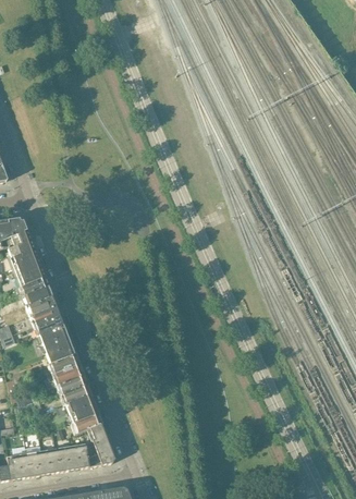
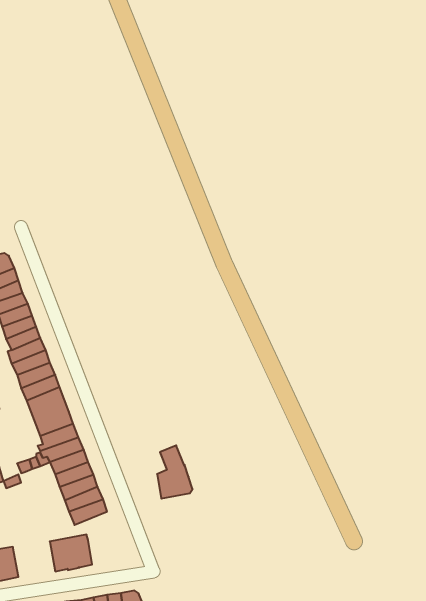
building: [86,423,114,465] -> [157,445,193,499]
building: [26,447,60,475] -> none

